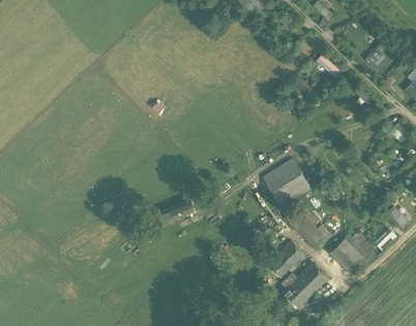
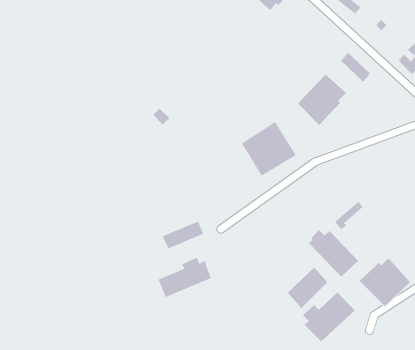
building: none -> [297,74,347,126]
building: [263,157,311,206] -> [241,121,297,177]
building: none -> [158,257,212,298]

